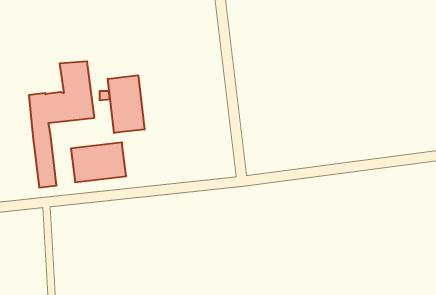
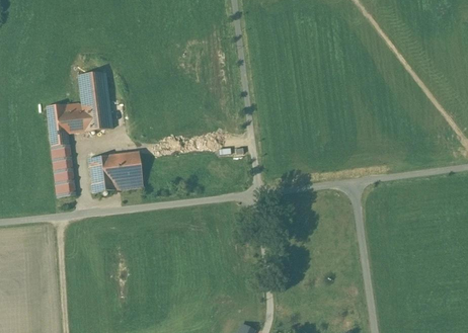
building: [108,75,144,133] -> none

